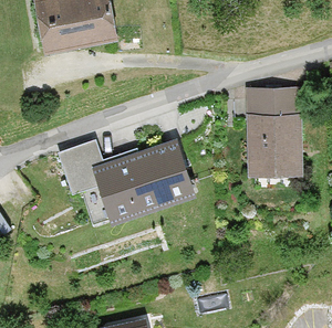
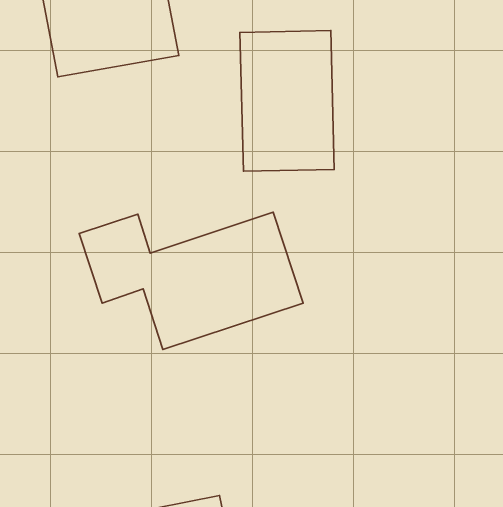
building: [246,86,304,173] -> [240,31,334,171]

